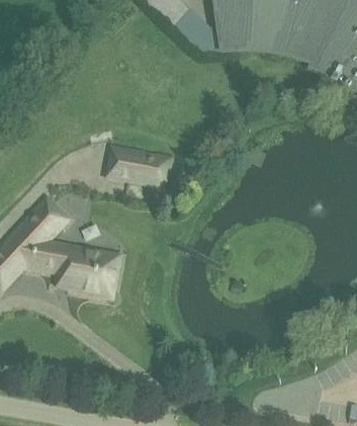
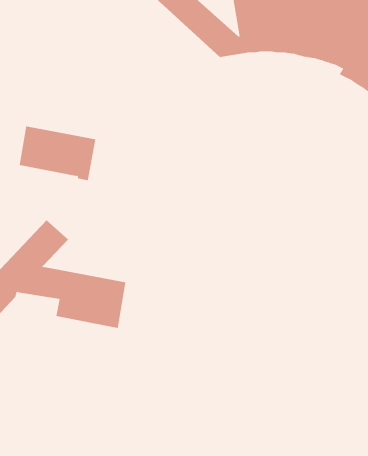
building: [106,143,176,192] -> [19,126,96,181]

